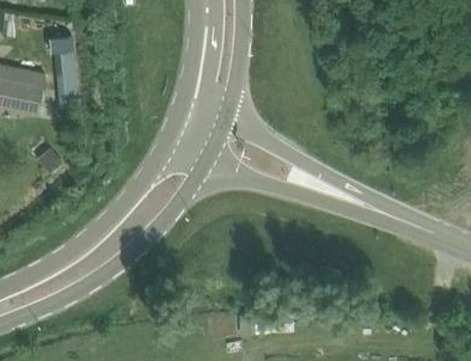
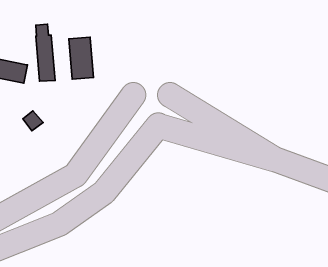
building: none -> [69,37,94,79]

